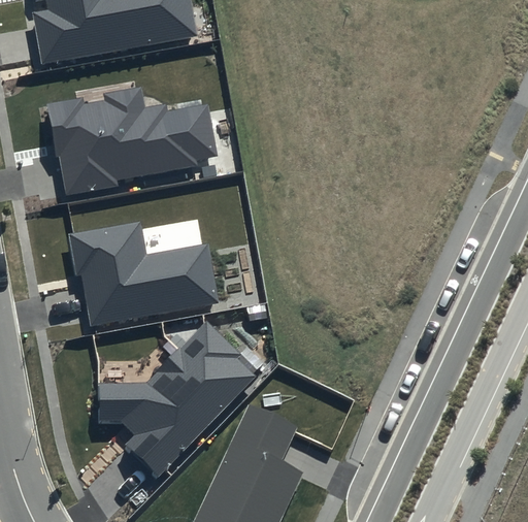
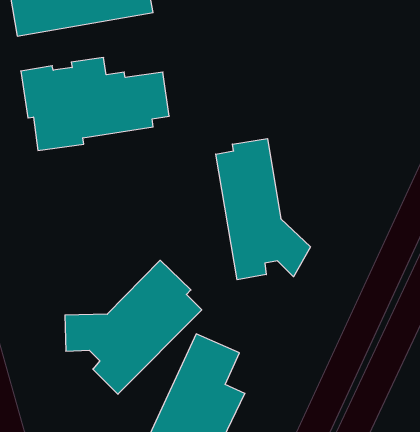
building: none -> [216,139,310,280]
building: [68,221,220,325] -> none

